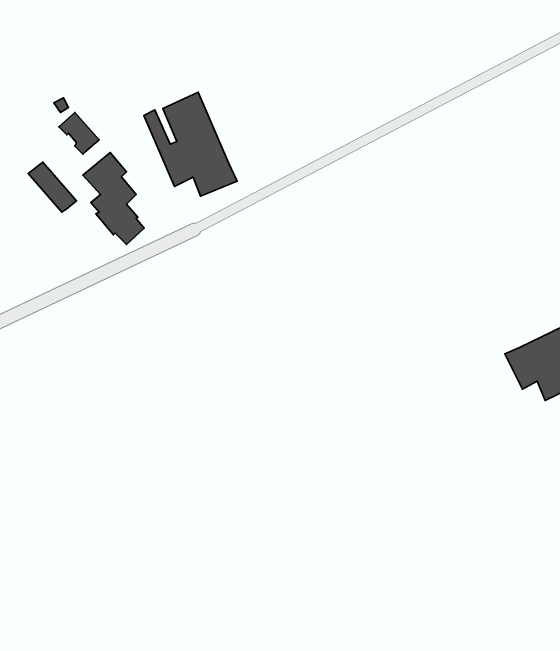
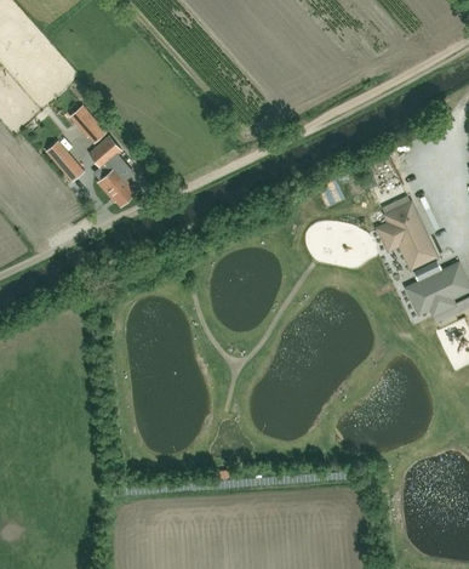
building: [144,92,237,196] -> none
building: none -> [379,200,436,267]

